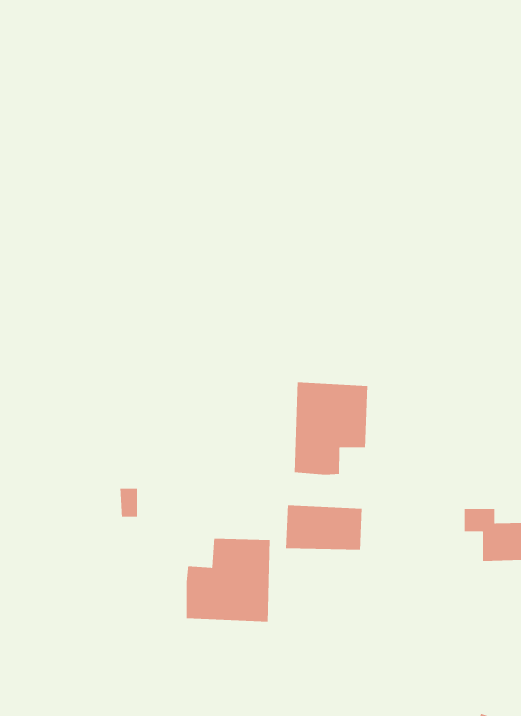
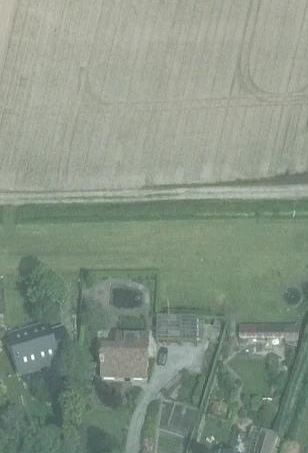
building: [294,382,368,475] -> none
building: none -> [10,324,70,368]

